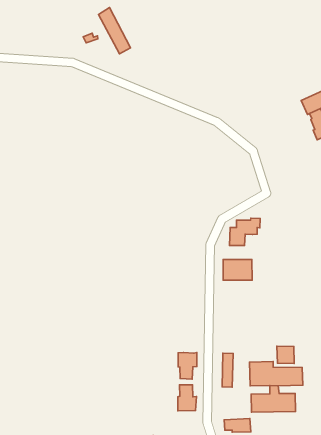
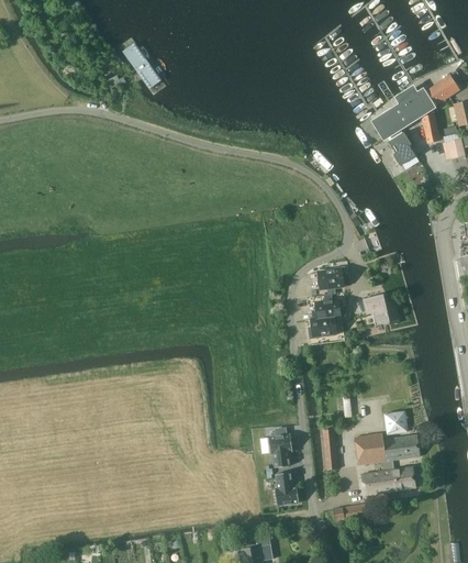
building: none -> [312,286,341,319]
building: none -> [363,294,399,324]

